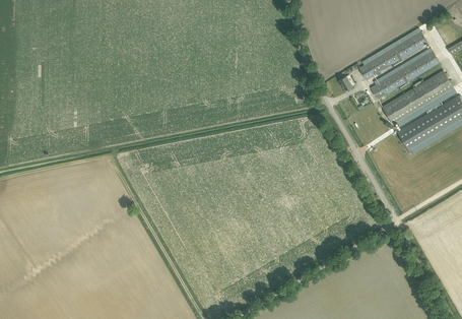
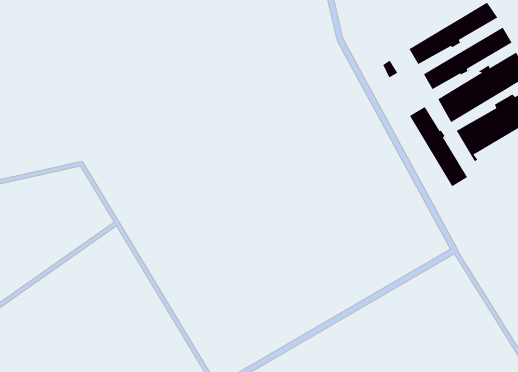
building: none -> [409,106,468,187]

